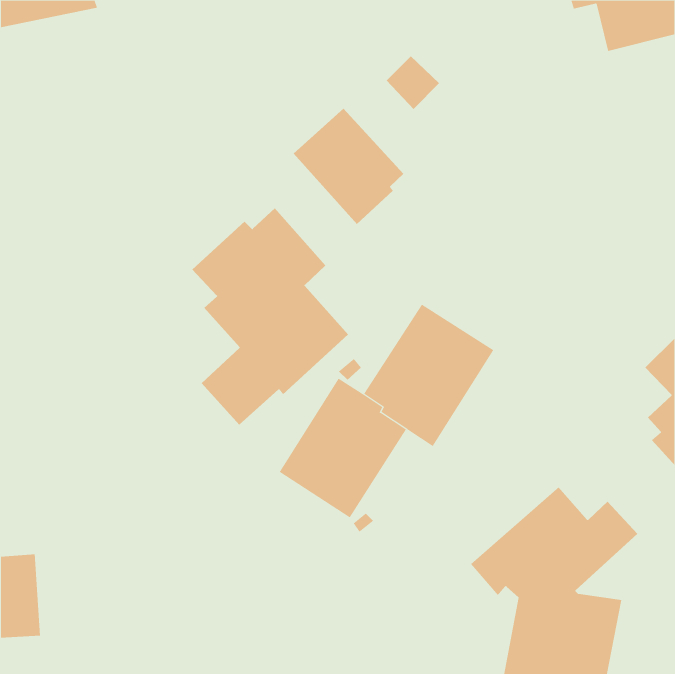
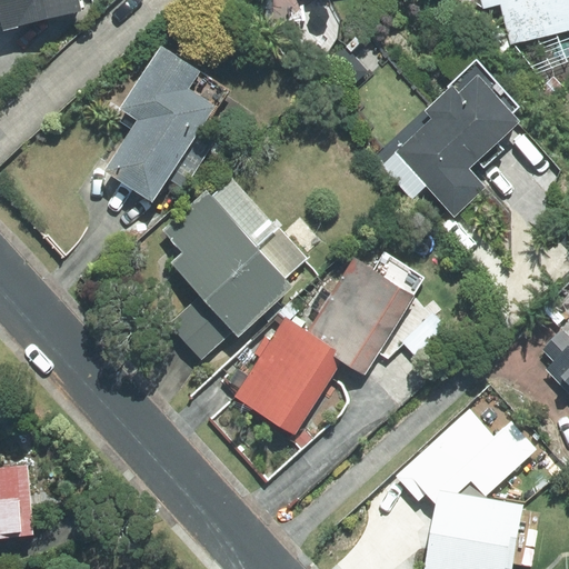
building: none -> [103,44,214,200]
building: none -> [396,60,521,217]
building: [293,108,404,225] -> none

